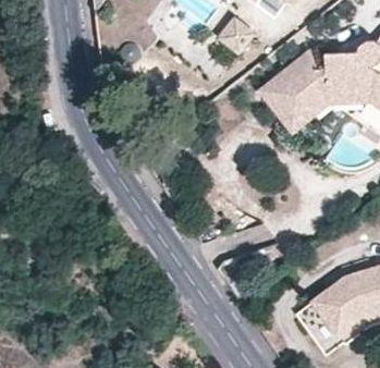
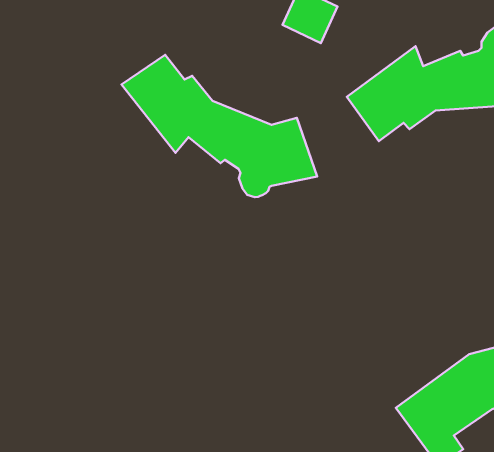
building: none -> [122,55,317,197]

